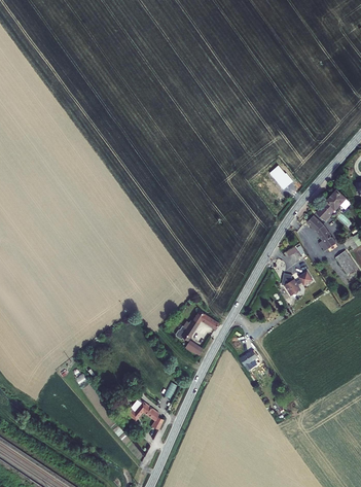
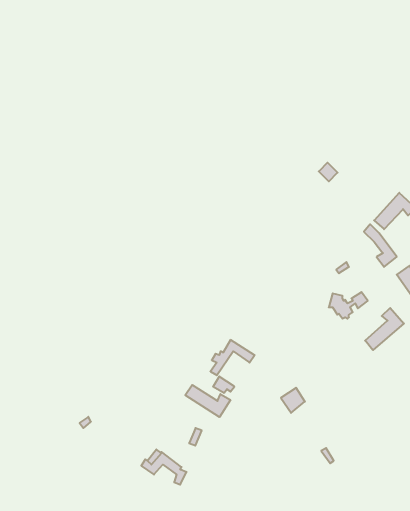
building: none -> [365,308,404,350]
building: none -> [185,385,230,417]

